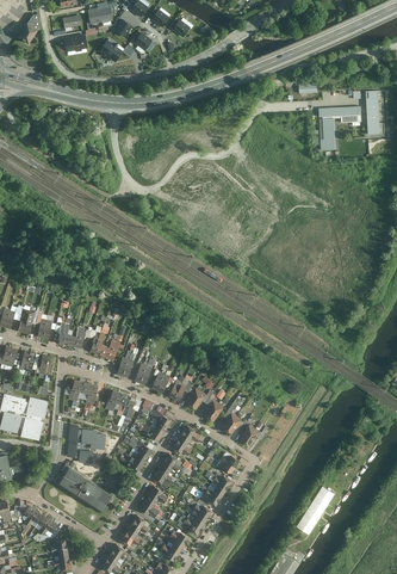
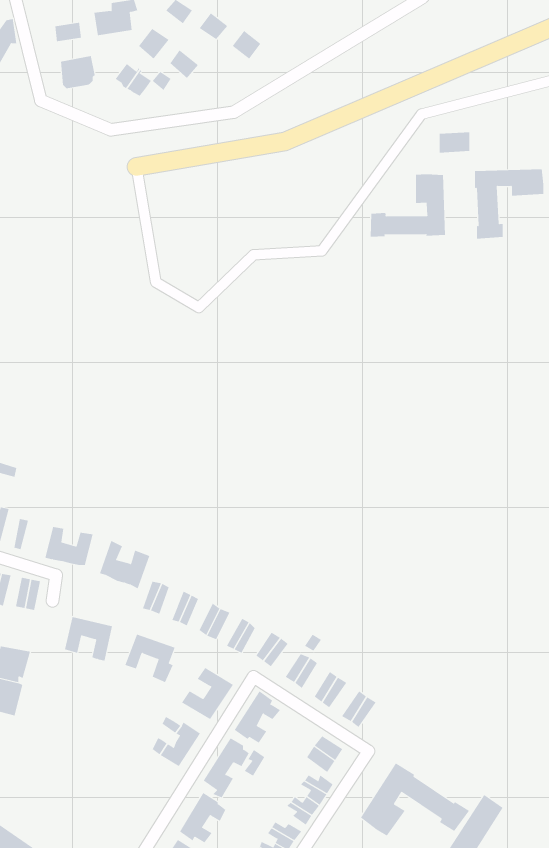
building: none -> [370,174,445,238]
building: [67,425,106,463] -> none
building: [61,467,117,513] -> none
building: none -> [360,763,470,837]

